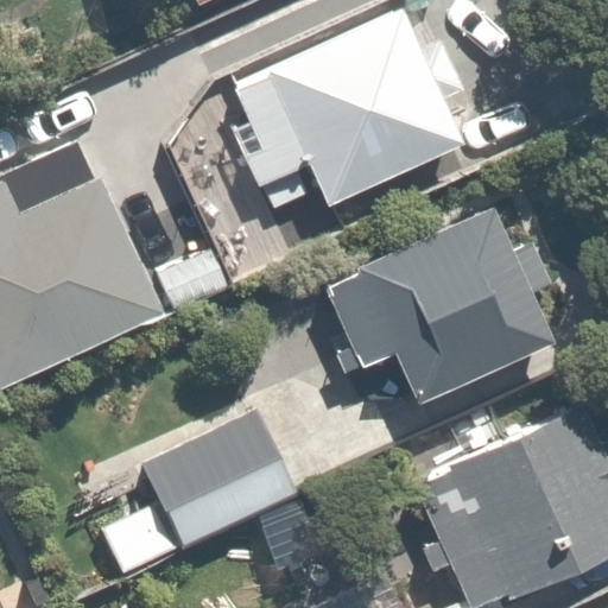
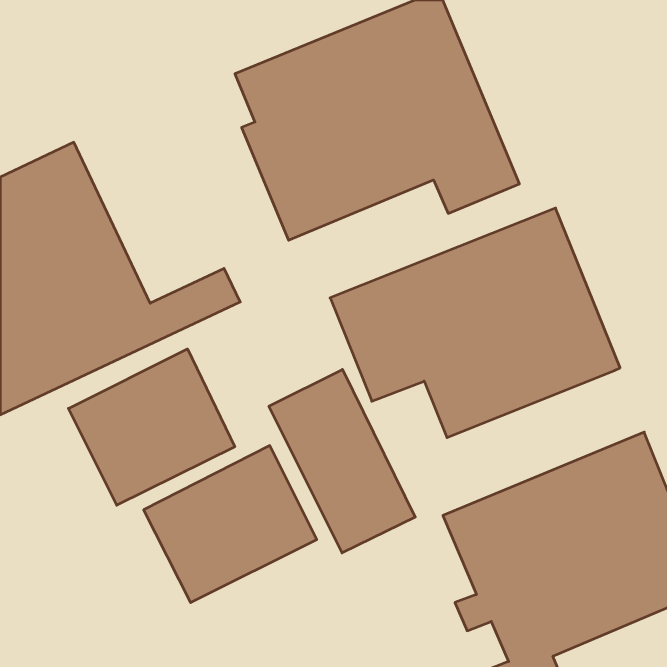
building: none -> [68,349,235,505]
building: none -> [269,369,415,553]

